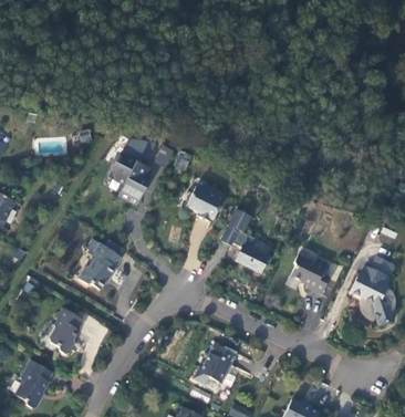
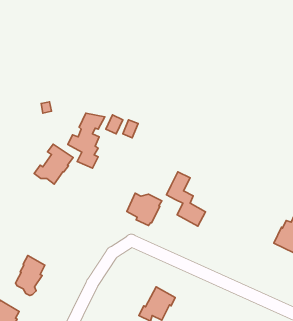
building: [186,186,227,223] -> [127,193,162,226]
building: [77,243,123,290] -> [34,144,73,184]
building: [291,254,330,294] -> none

